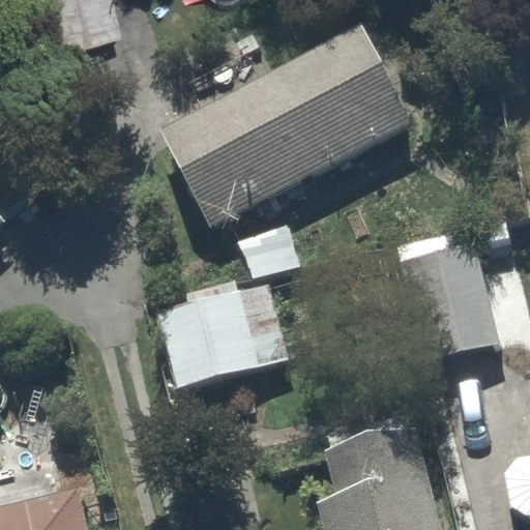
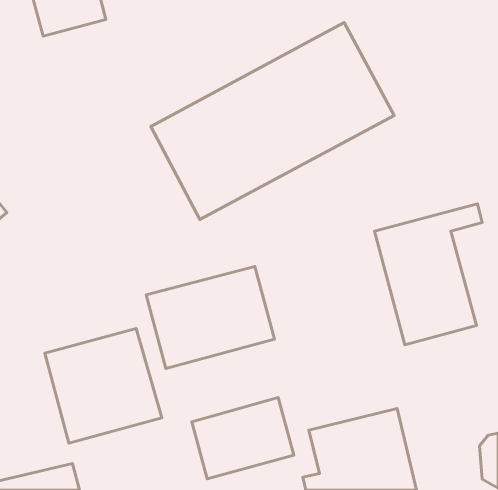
building: none -> [45,328,162,443]
building: none -> [192,398,294,479]

